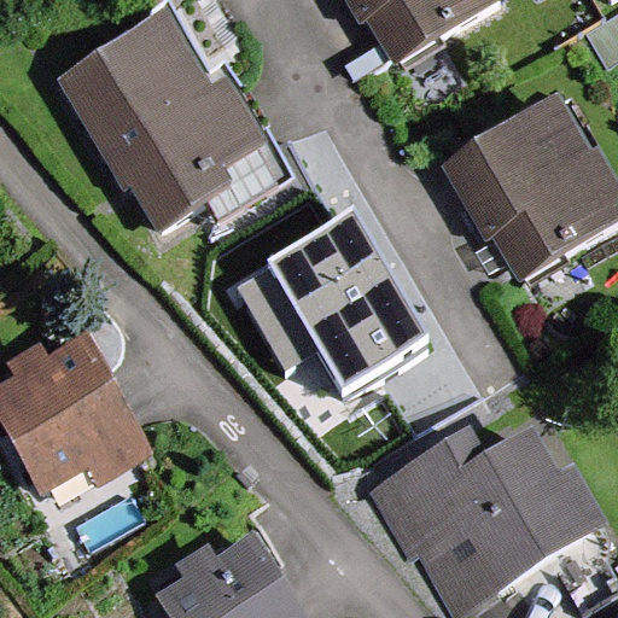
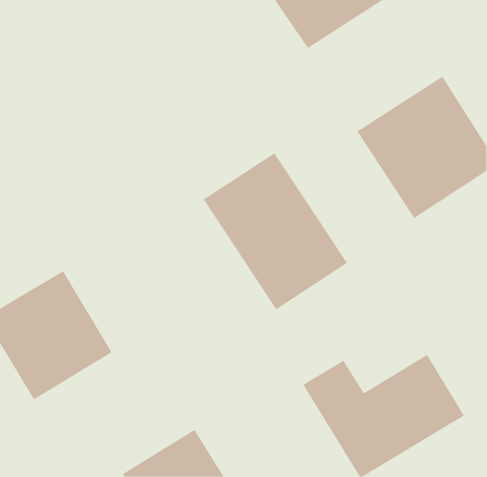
building: [66,22,280,235] -> none

